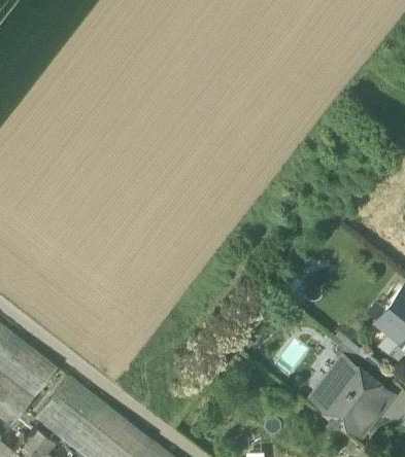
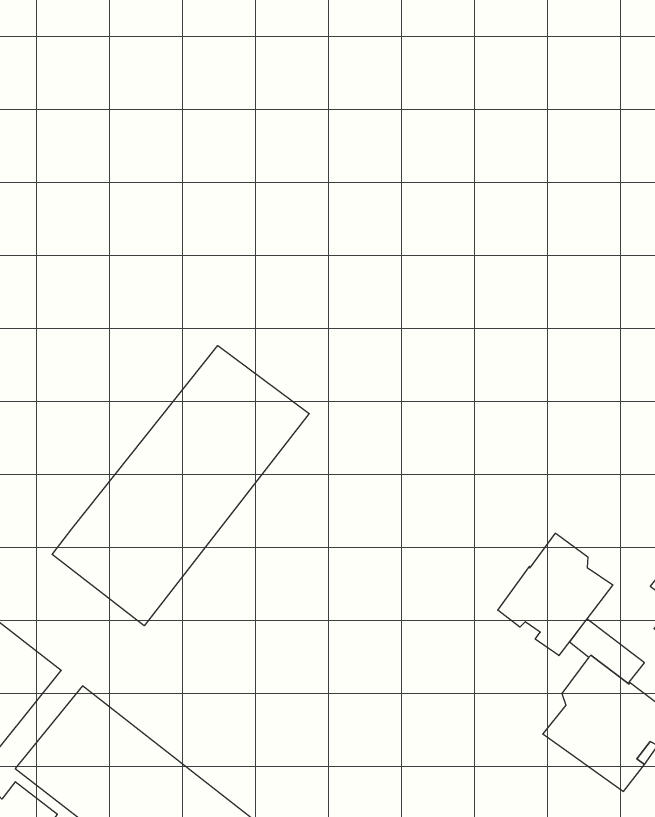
building: none -> [52,346,309,626]
building: none -> [498,533,613,656]

